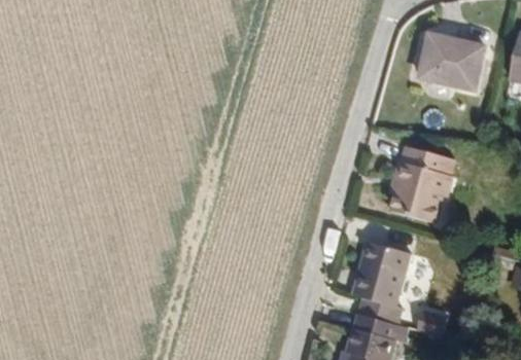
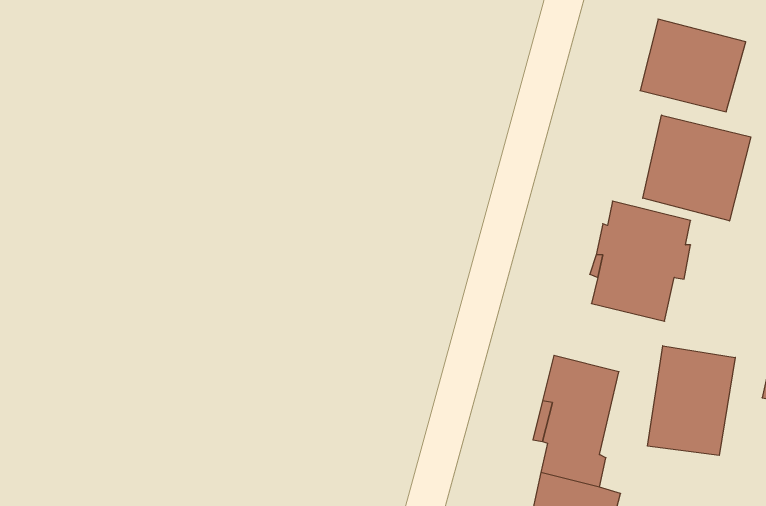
building: none -> [643,115,751,221]
building: none -> [648,346,735,455]

